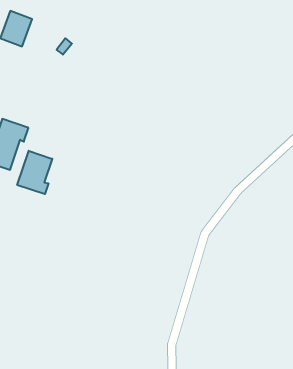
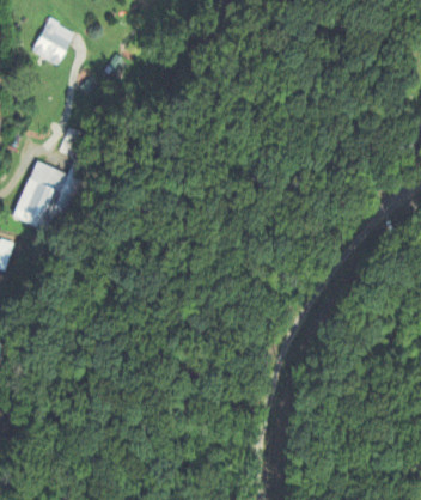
building: [17,151,52,194] -> none

